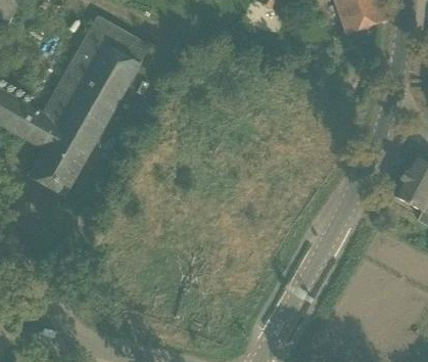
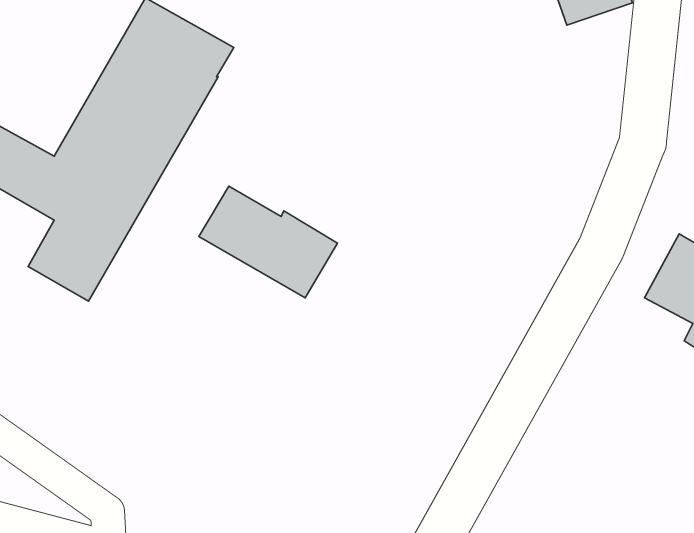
building: none -> [199,186,338,298]

